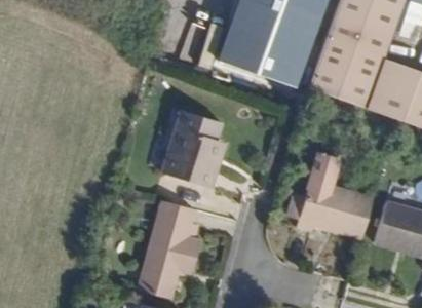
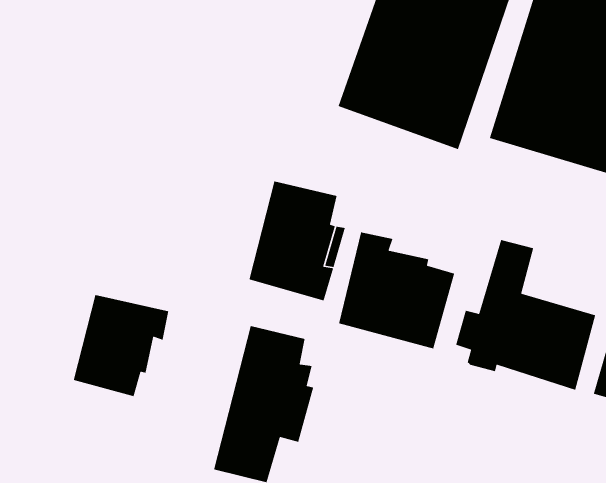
building: none -> [338,231,455,349]
building: none -> [73,294,169,397]

